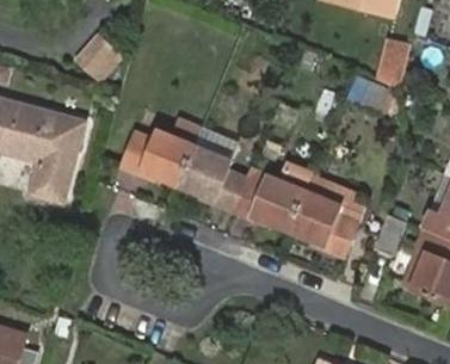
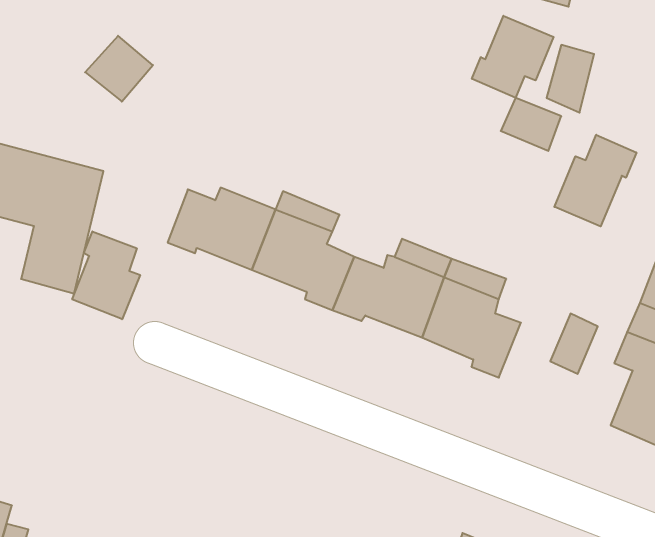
building: none -> [472,16,554,98]
building: none -> [554,135,636,226]
building: none -> [72,231,140,319]

